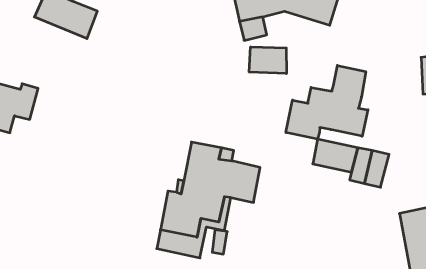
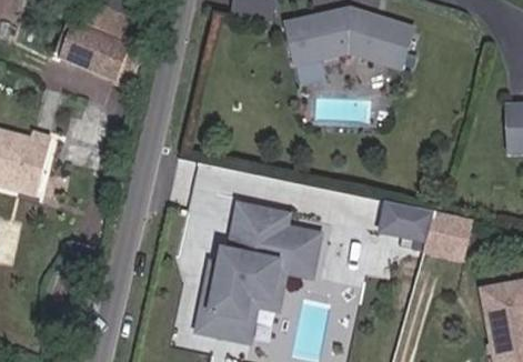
building: [249,47,286,74] -> none
building: [286,65,368,139] -> none

